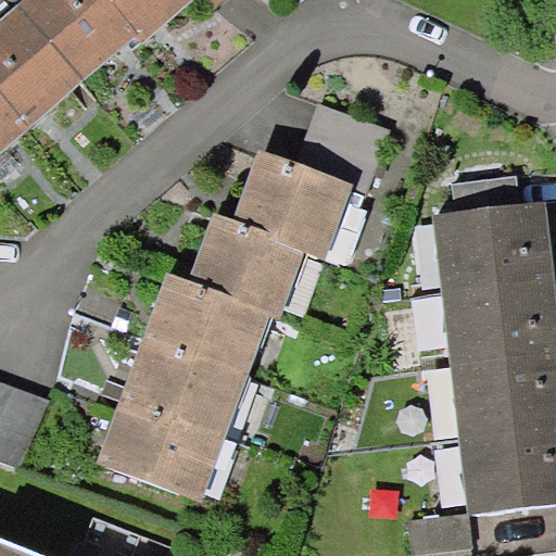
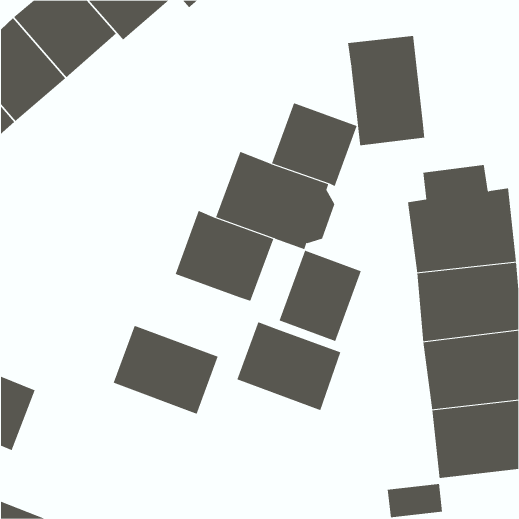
building: none -> [348,35,425,146]
building: none -> [279,250,362,342]
building: [143,286,255,381] -> [236,322,341,411]
building: [98,409,211,504] -> none

